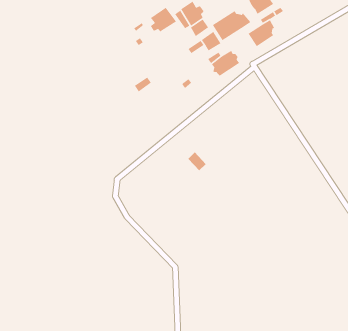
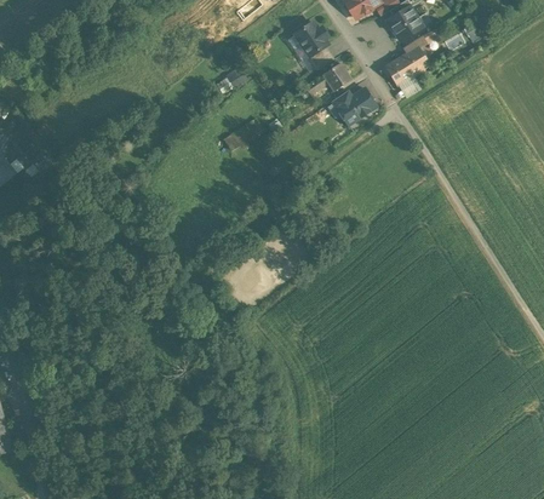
building: [150,6,177,32] -> none
building: [212,10,251,41] -> none

